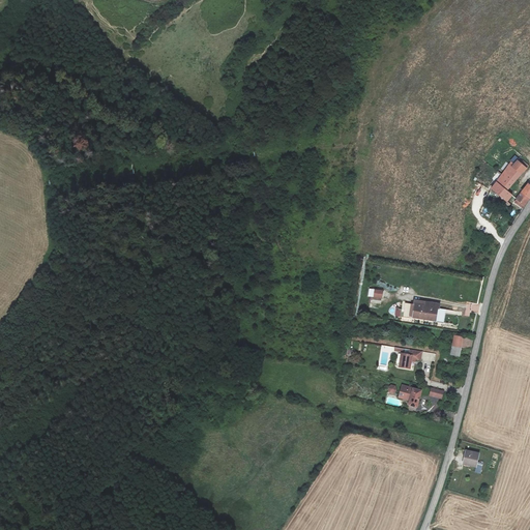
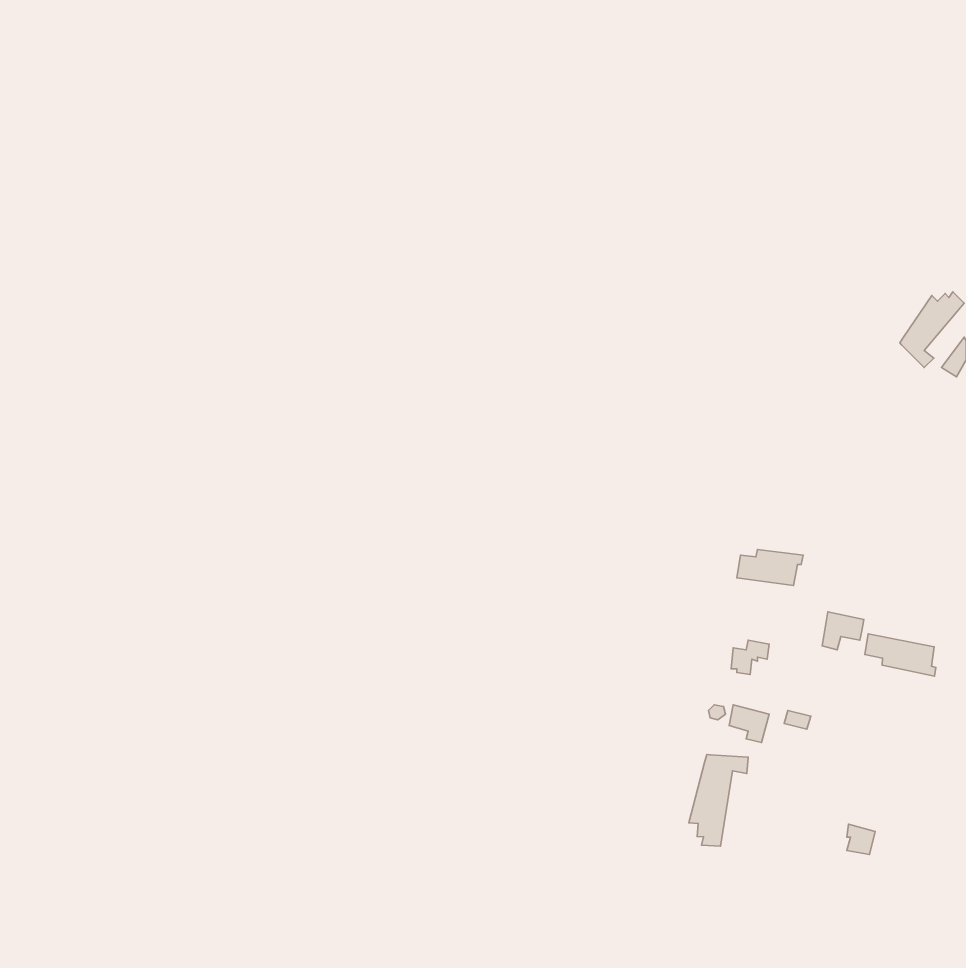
building: none -> [865,634,936,676]
building: none -> [689,754,748,846]

